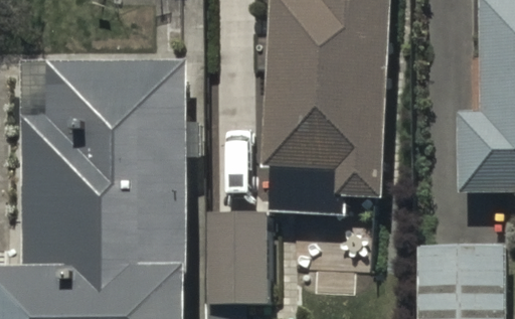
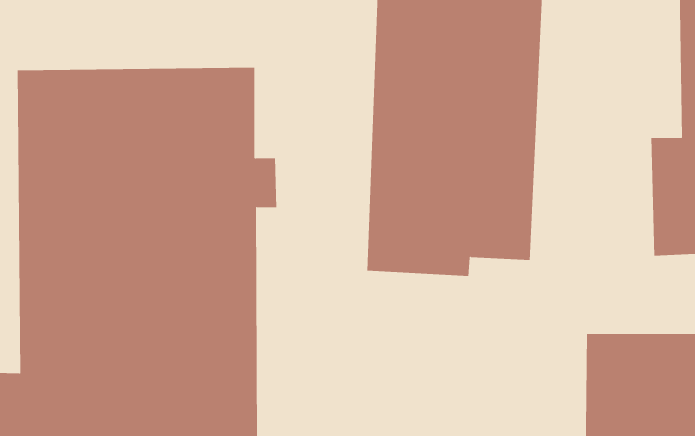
building: [206,208,269,303] -> none

